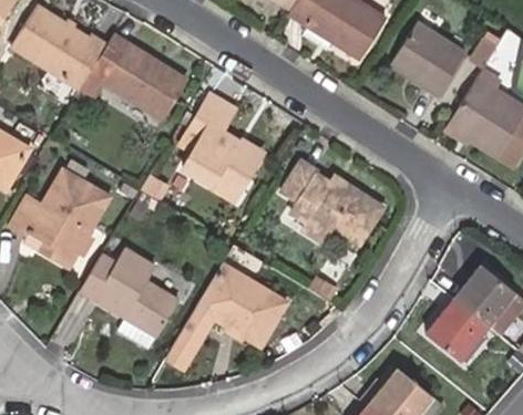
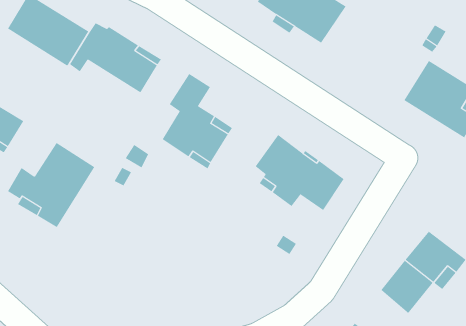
building: [390,22,468,97] -> none
building: [78,249,176,336] -> none
building: [167,264,283,364] -> none

